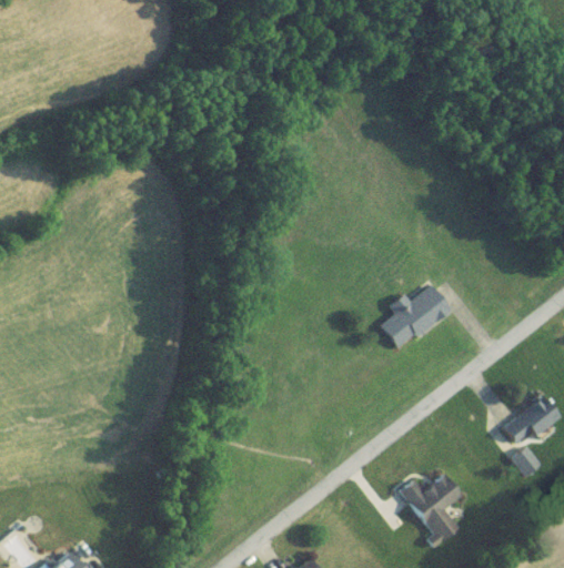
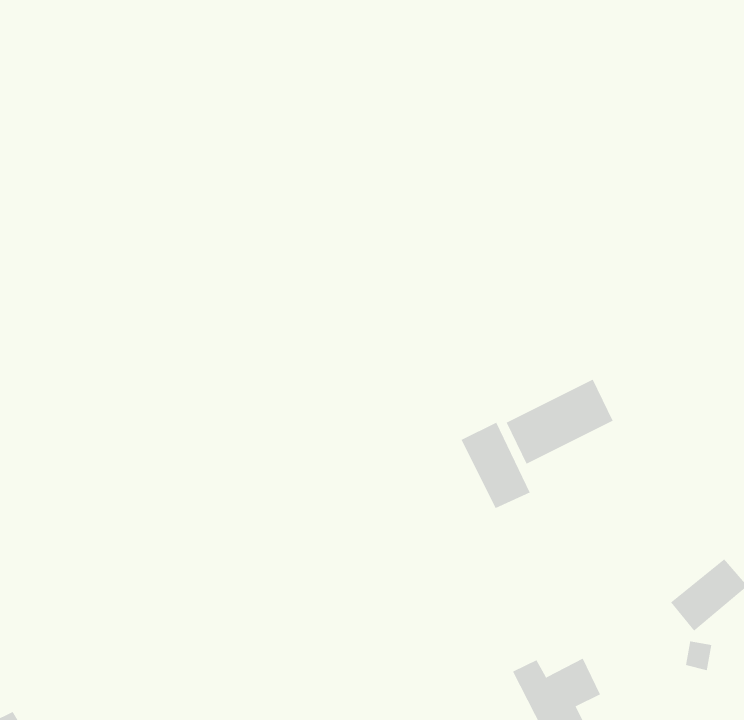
building: none -> [461,422,531,509]

